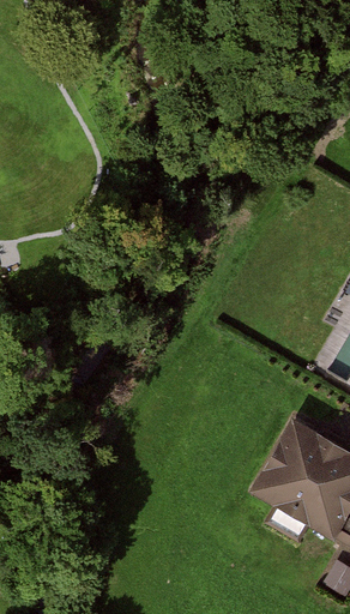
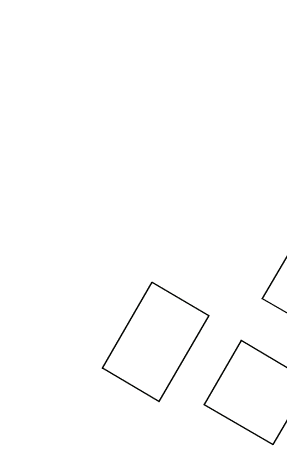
building: none -> [102,282,209,402]

